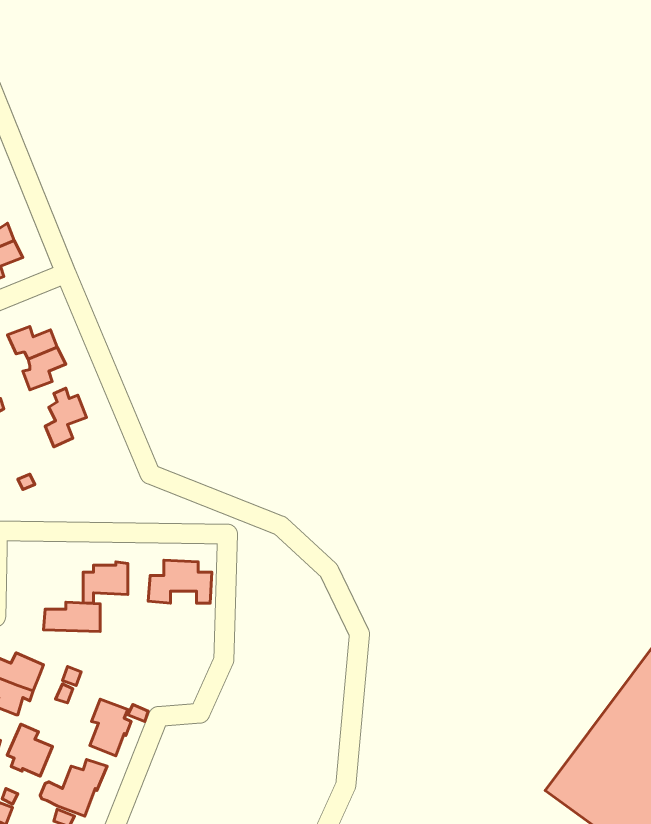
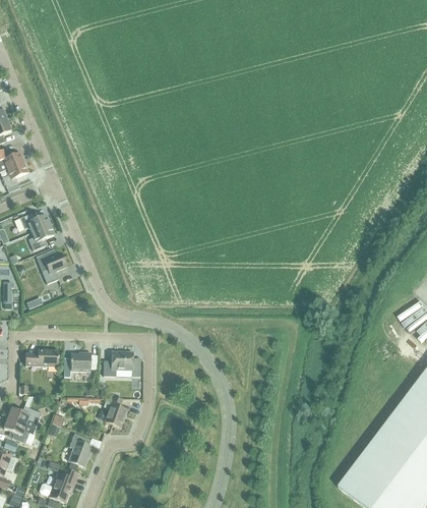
building: [44,602,100,631] -> [24,348,58,365]
building: none -> [104,398,126,427]
building: [7,724,53,776] -> none

